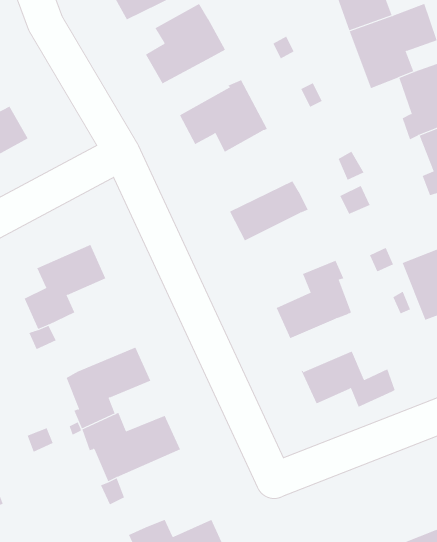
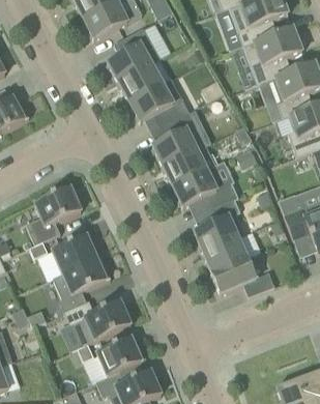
building: none -> [118,63,163,102]
building: none -> [152,111,209,166]
building: none -> [173,167,238,207]
building: none -> [52,233,100,272]
building: none -> [203,237,243,272]
building: none -> [96,336,146,376]

